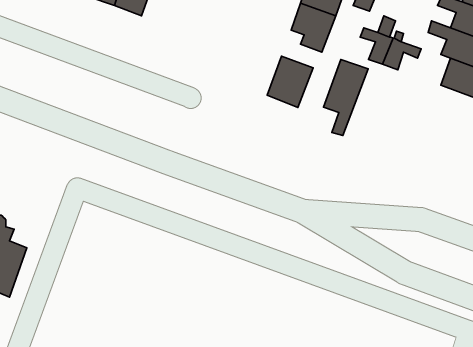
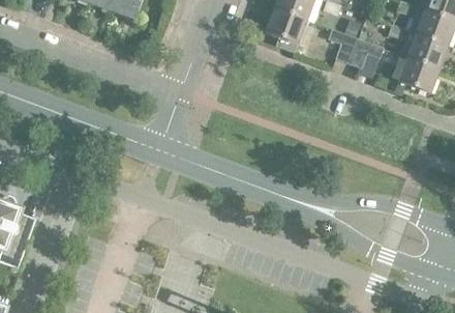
building: [267,56,313,108] -> none
building: [323,60,368,136] -> none

